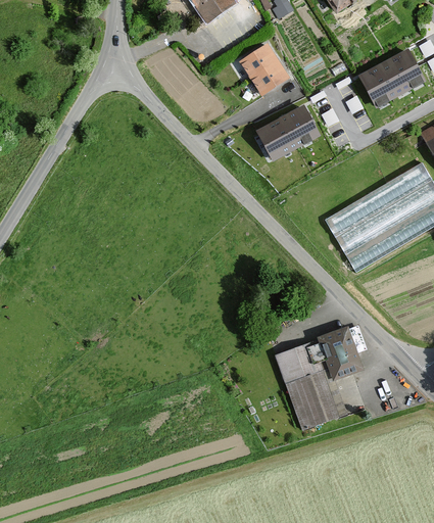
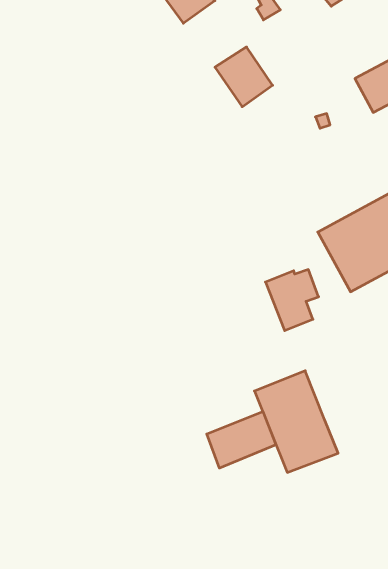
building: [260,103,322,157] -> none
building: [317,327,365,382] -> [265,270,319,331]
building: none -> [207,412,276,468]

